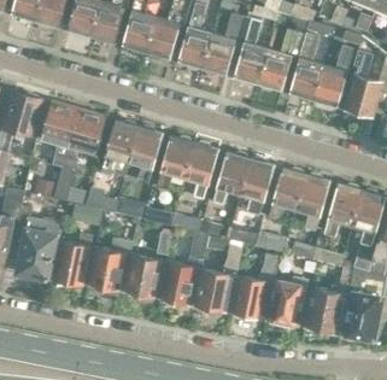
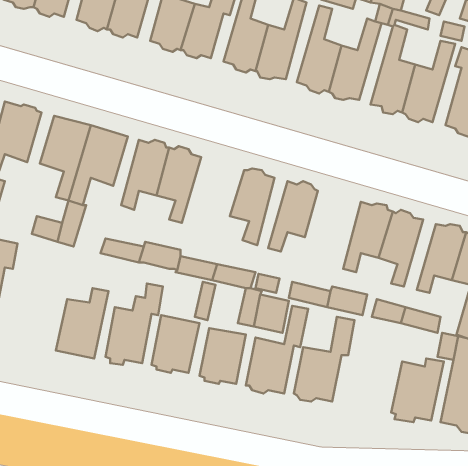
building: [157,135,194,188] -> none
building: [240,157,274,215] -> none
building: [17,217,55,279] -> none
building: [268,274,306,325] -> none

